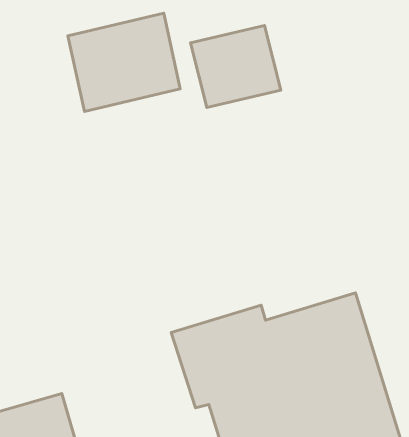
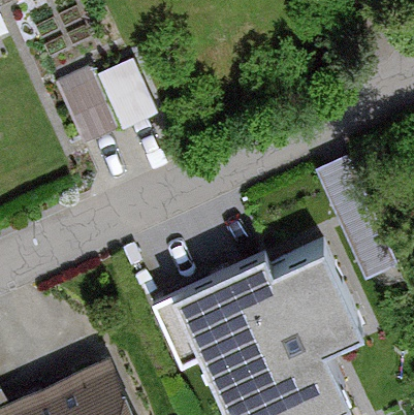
building: [191,25,281,108] -> none

